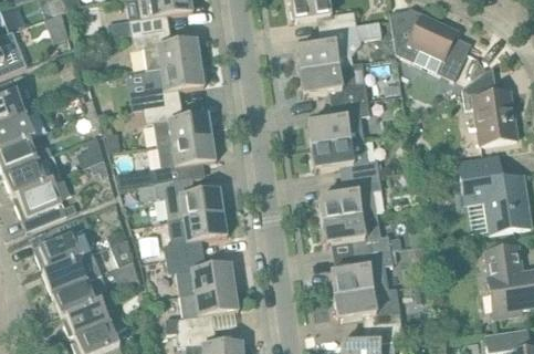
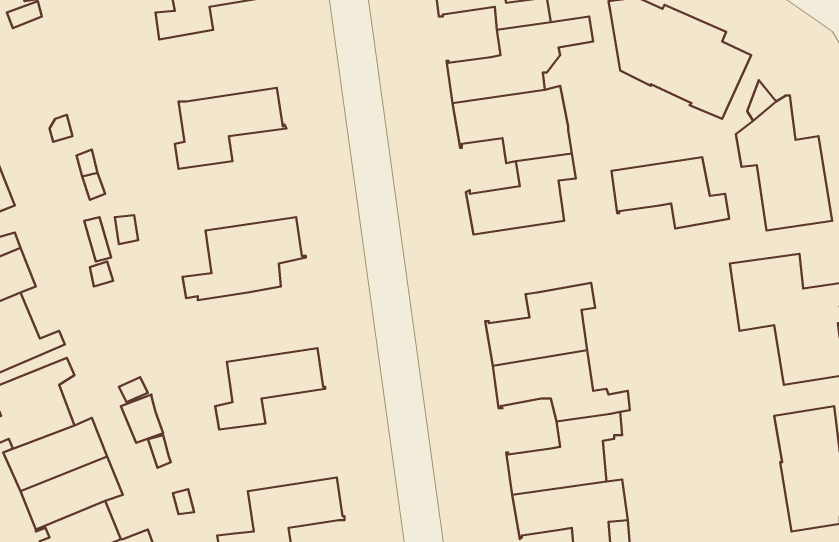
building: [132,28,199,69] -> none
building: [143,103,210,144] -> none
building: [312,137,379,178] -> [611,157,729,229]
building: [154,178,222,218] -> none
building: [166,253,233,292] -> none

